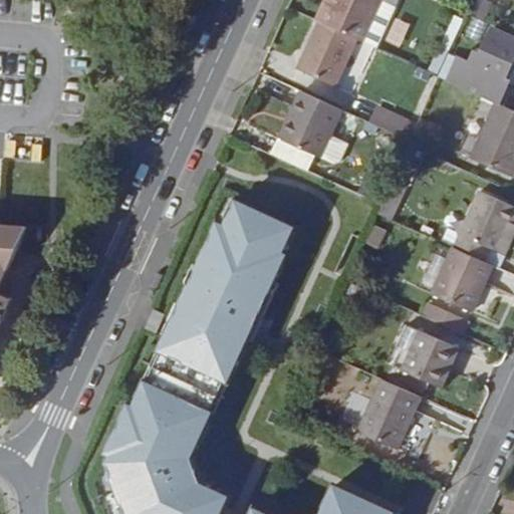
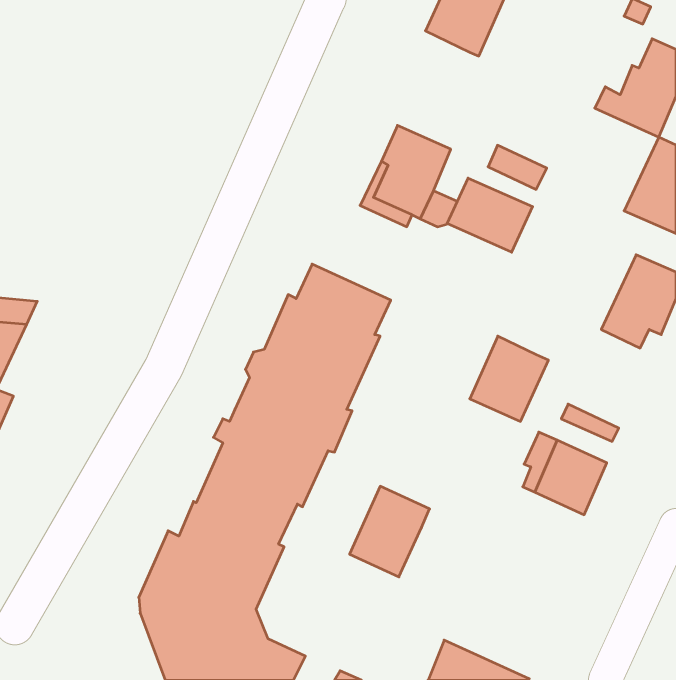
building: [296,22,353,86] -> none
building: none -> [447,178,533,252]
building: [432,248,491,312] -> [470,336,548,421]
building: [358,380,419,449] -> [350,486,430,577]

